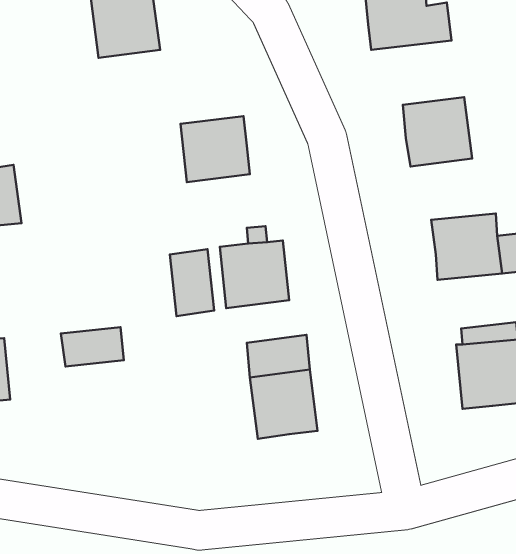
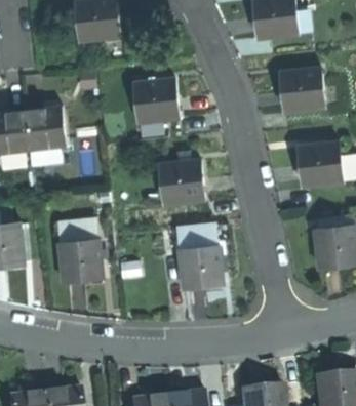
building: none -> [25,107,65,149]
building: [170,249,214,316] -> none
building: none -> [58,238,102,284]

